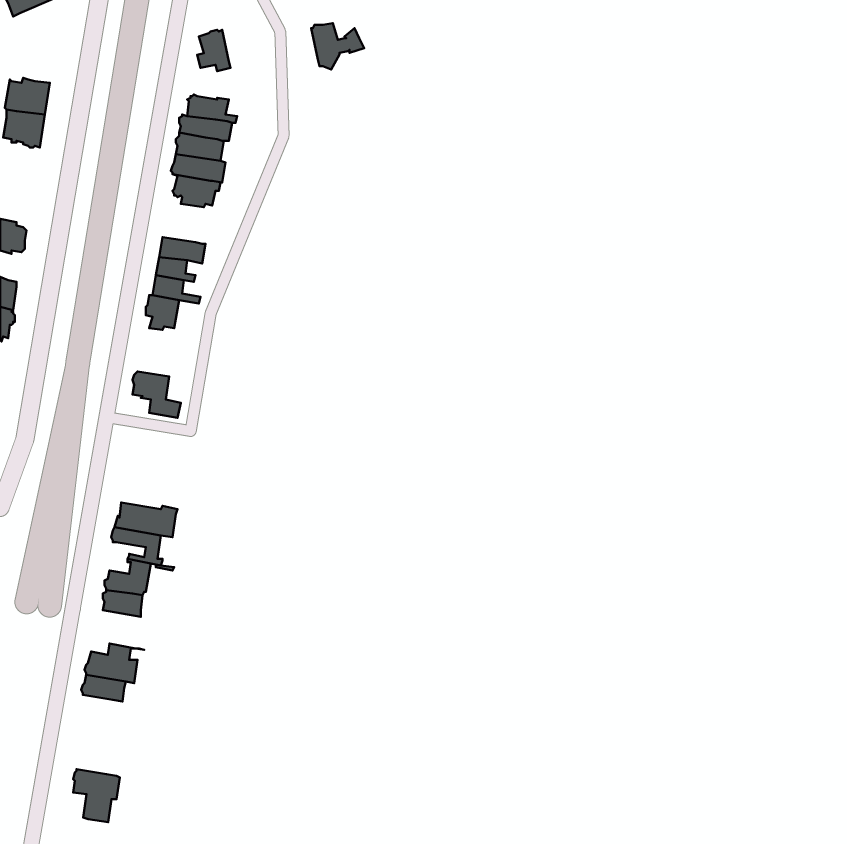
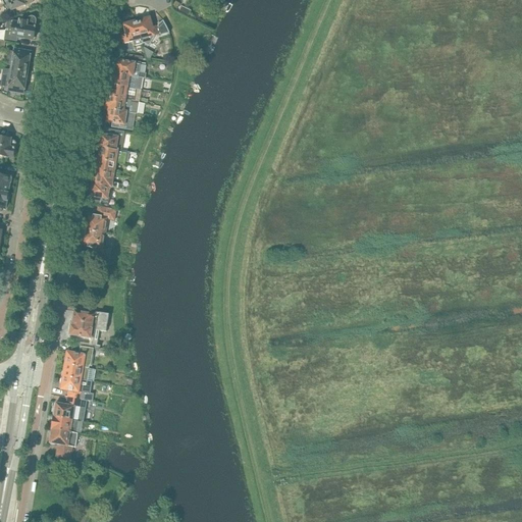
building: [311,23,364,70] -> [137,15,169,44]
building: none -> [5,14,36,38]
building: none -> [98,126,122,149]
building: none -> [84,205,115,231]
building: none -> [61,375,94,400]
building: [73,769,120,822] -> [49,427,77,460]

